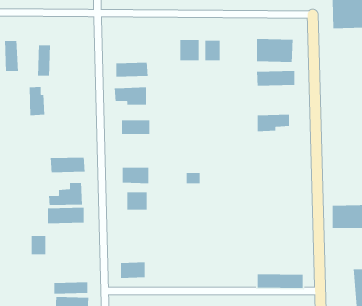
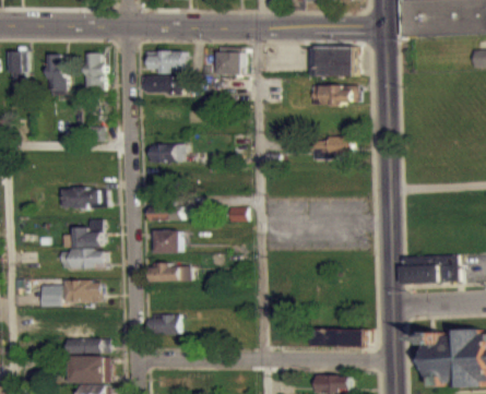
building: [204,40,220,61] -> none
building: [29,86,45,116] -> [83,52,103,88]
building: [114,87,147,106] -> [144,50,183,73]
building: none -> [150,264,188,282]
building: none -> [61,280,100,302]

